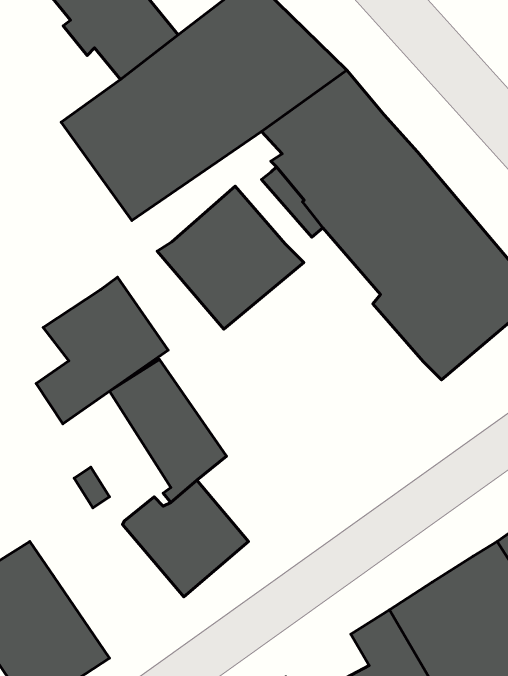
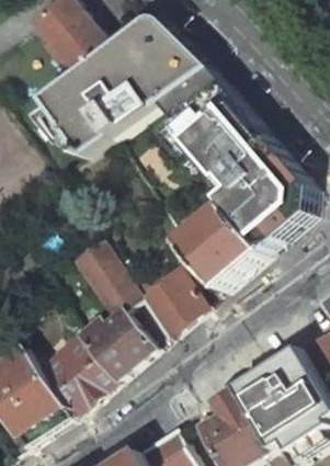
building: [157,186,304,329] -> [178,206,264,291]
building: [36,277,168,424] -> none
building: none -> [137,265,200,336]
building: none -> [35,337,112,416]

